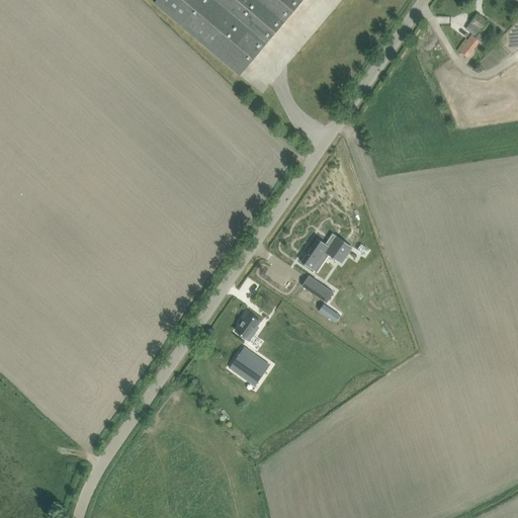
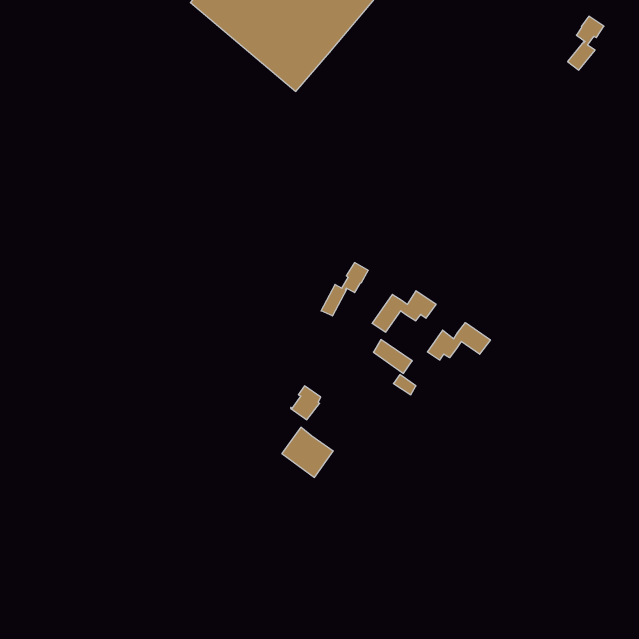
building: none -> [321,263,368,316]
building: none -> [427,323,490,360]

